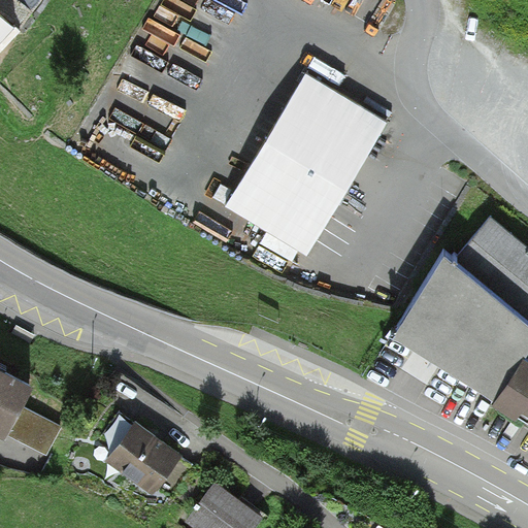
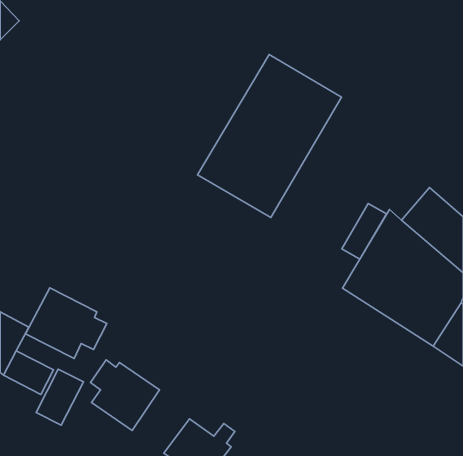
building: none -> [342,204,386,259]
building: none -> [26,288,107,358]
building: none -> [36,369,84,425]

